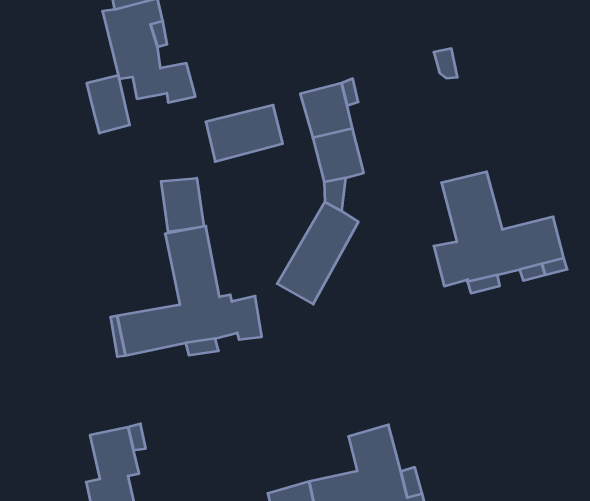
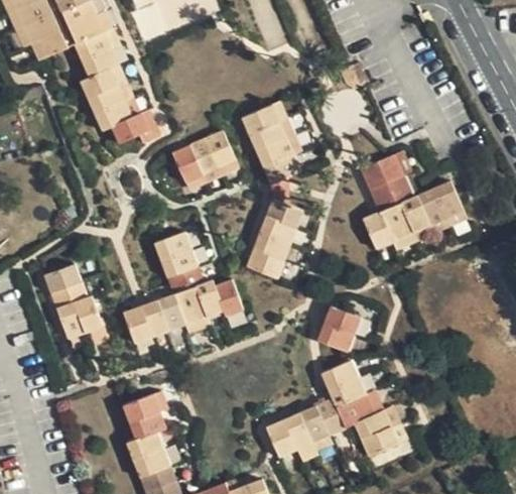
building: [87,75,130,133] -> none
building: [161,178,204,232] -> none
building: none -> [45,264,102,339]
building: none -> [317,306,358,352]

